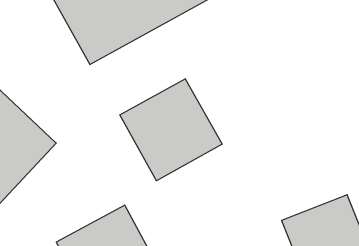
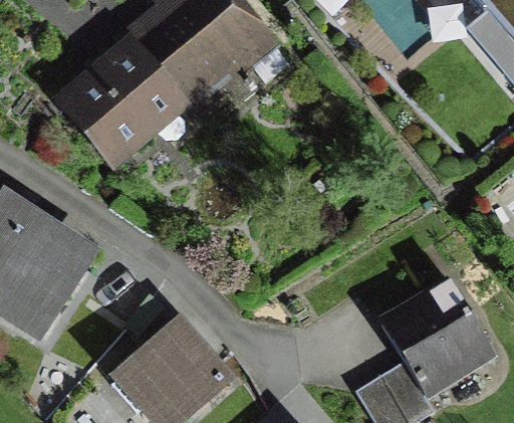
building: [120,79,222,181] -> none

